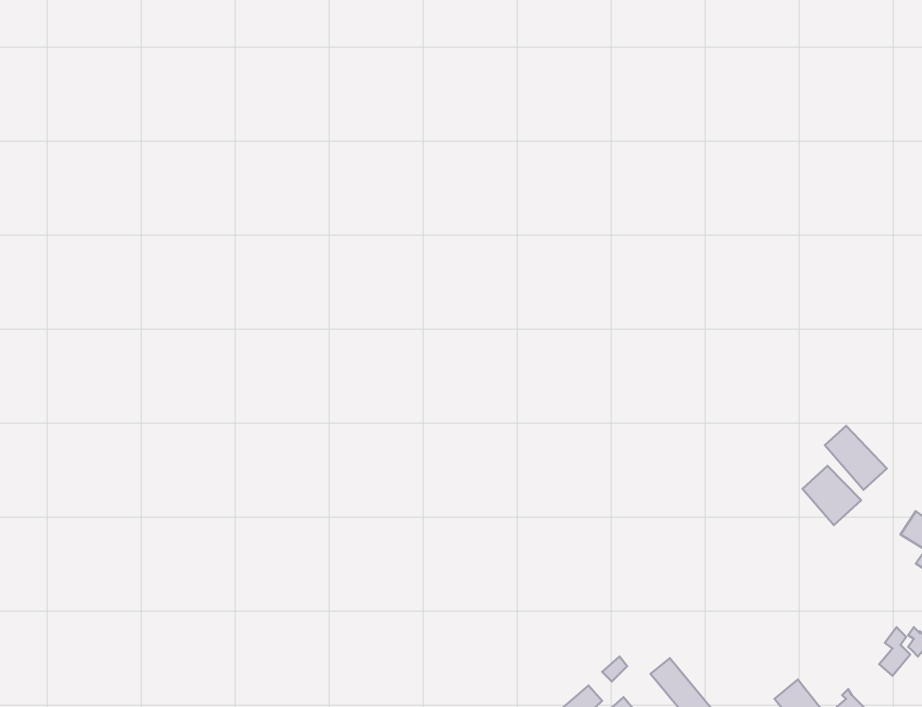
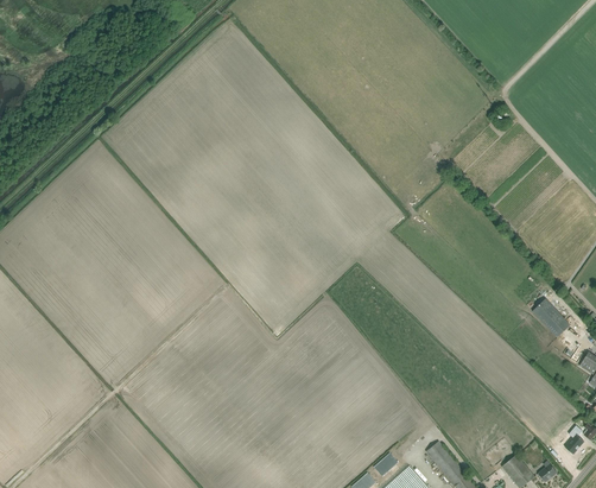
building: [803,466,861,525] -> none

